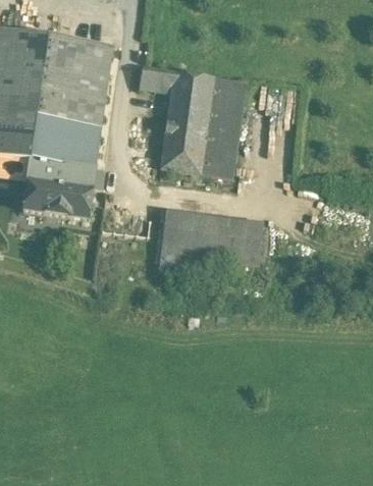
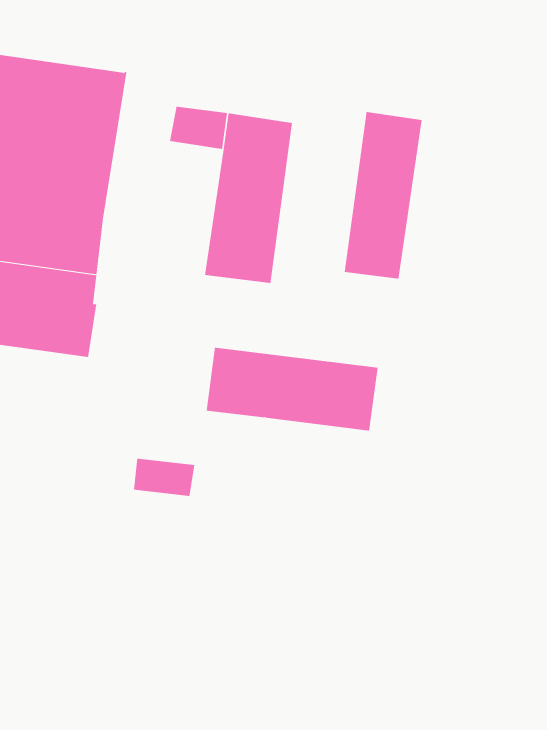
building: [201,75,249,177] -> [344,111,423,279]
building: [159,251,197,274] -> [133,458,195,497]

